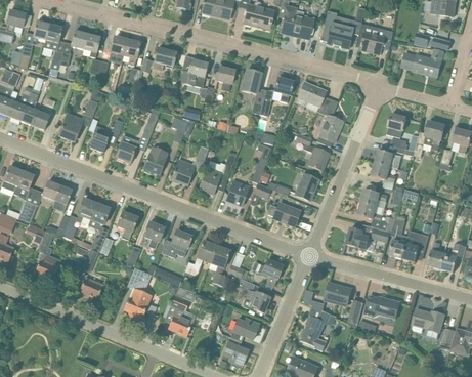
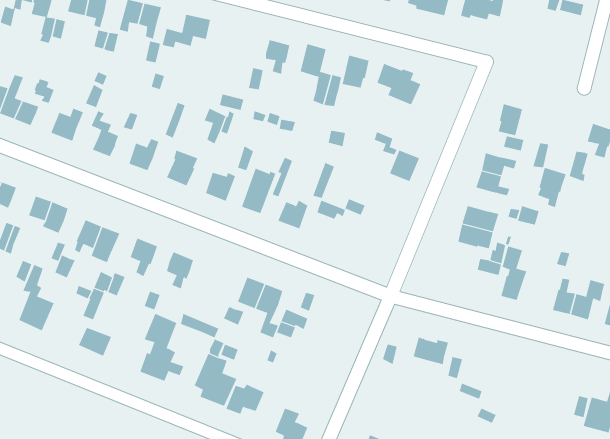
building: [401,48,443,76] -> none
building: [178,58,207,86] -> none
building: [318,98,343,141] -> none
building: [424,120,445,150] -> [537,167,567,208]
building: [294,172,318,200] -> none
building: [267,202,300,225] -> none
building: [346,226,375,250] -> none
building: [162,229,192,255] -> none
building: [401,232,429,261] -> none
building: [255,259,283,286] -> none
building: [243,290,269,312] -> none
building: [364,296,399,317] -> none
building: [412,307,444,332] -> none
building: [300,310,335,350] -> none
building: [230,318,259,340] -> [225,384,264,414]

